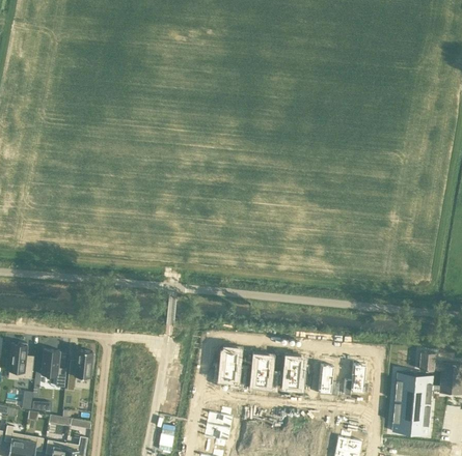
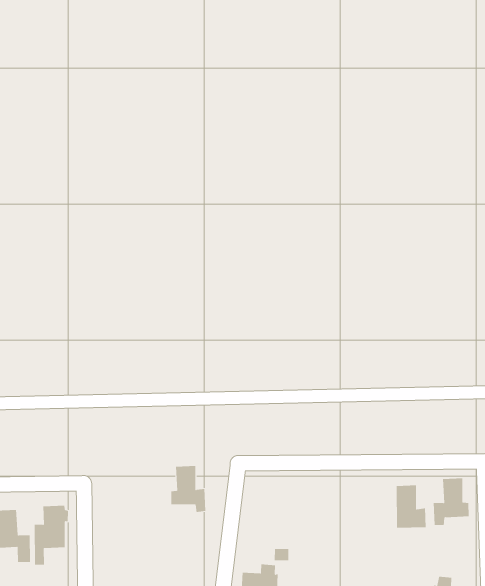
building: [216,351,241,384] -> [170,465,206,512]
building: [251,357,273,389] -> none
building: [278,358,301,387] -> none

